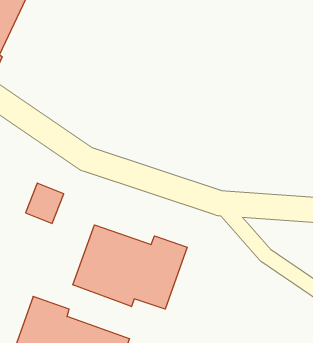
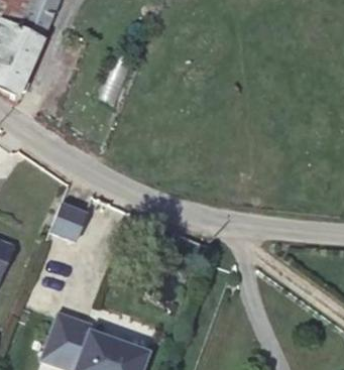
building: [73,225,187,309] -> none

